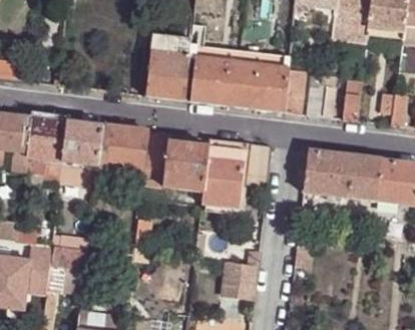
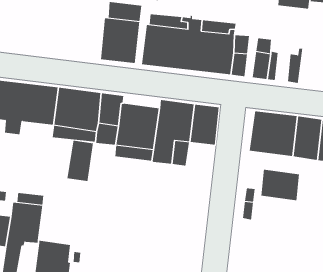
building: none -> [67,140,94,182]
building: none -> [261,169,300,201]
building: [223,263,258,299] -> none

